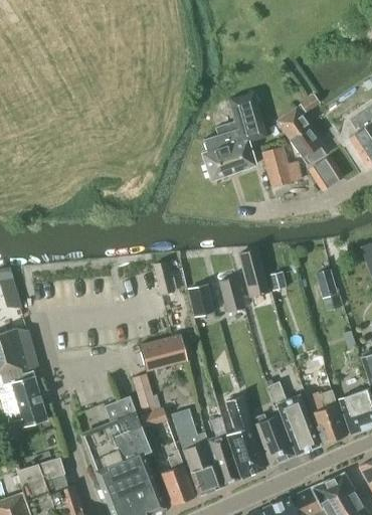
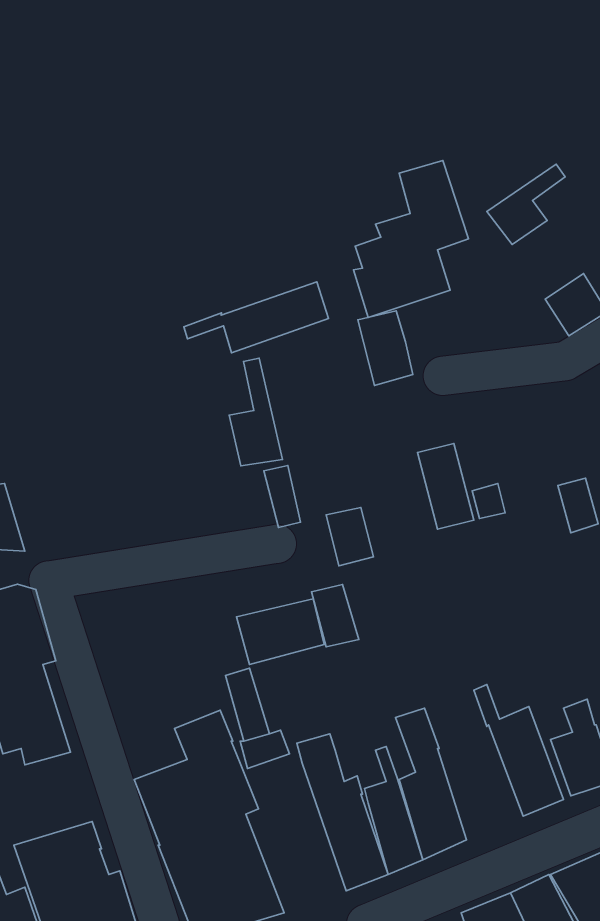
building: [291,127,328,164] -> none
building: [261,147,292,188] -> [358,311,413,386]
building: none -> [184,282,329,353]
building: none -> [229,358,282,466]
building: [219,278,245,312] -> [311,585,359,647]
building: [254,414,296,466] -> none
building: [161,449,195,506] -> none

